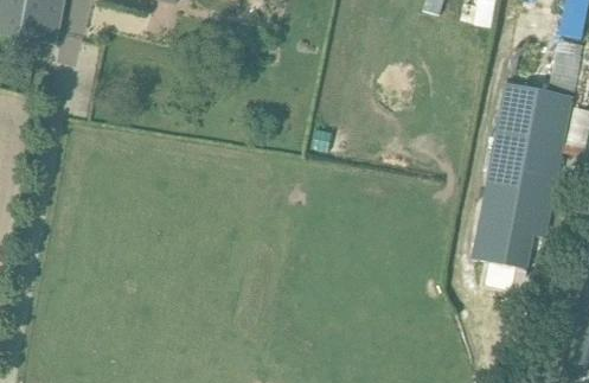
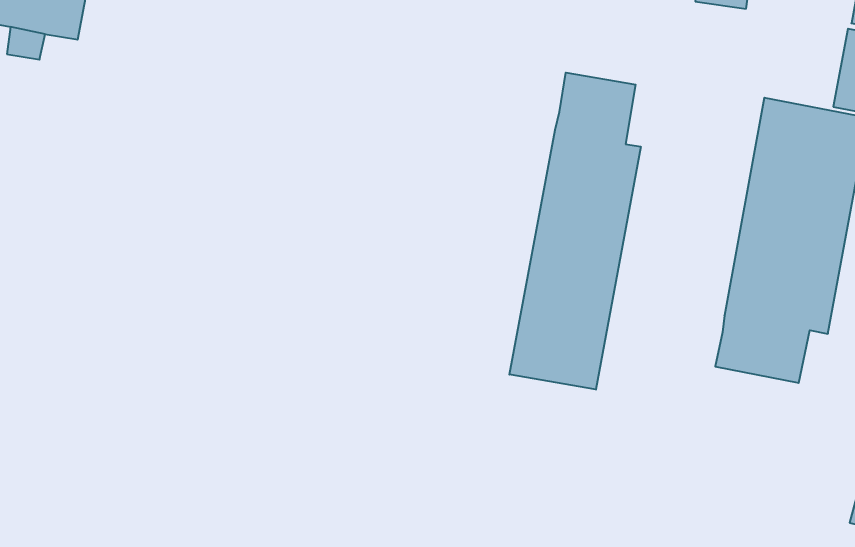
building: none -> [509,73,641,390]

